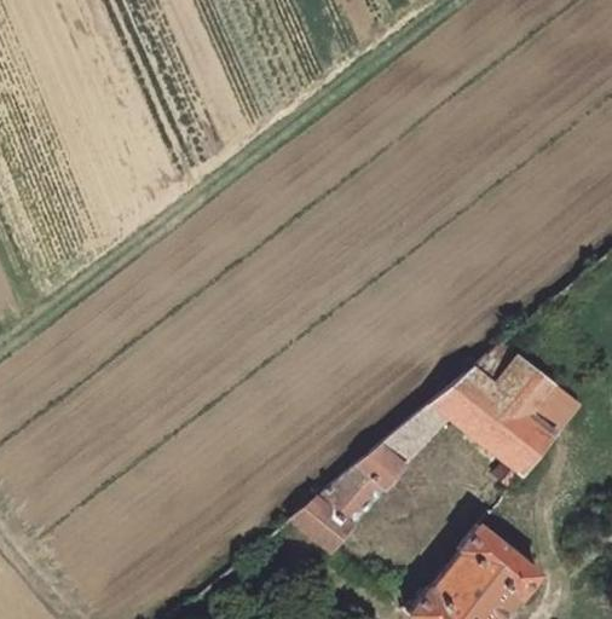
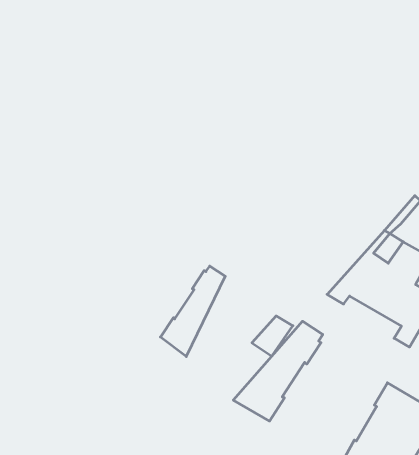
building: none -> [160,266,225,357]
building: [388,410,440,457] -> [252,316,293,356]

